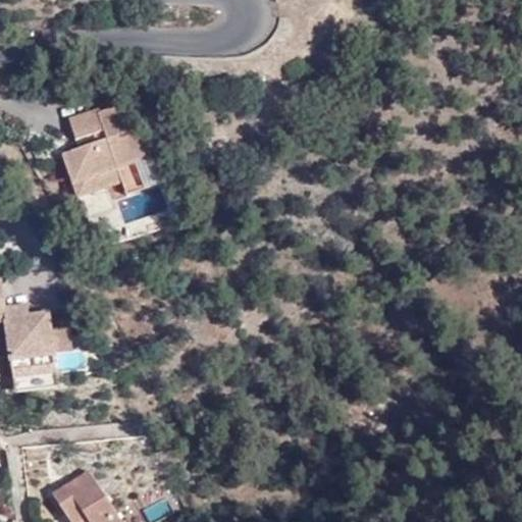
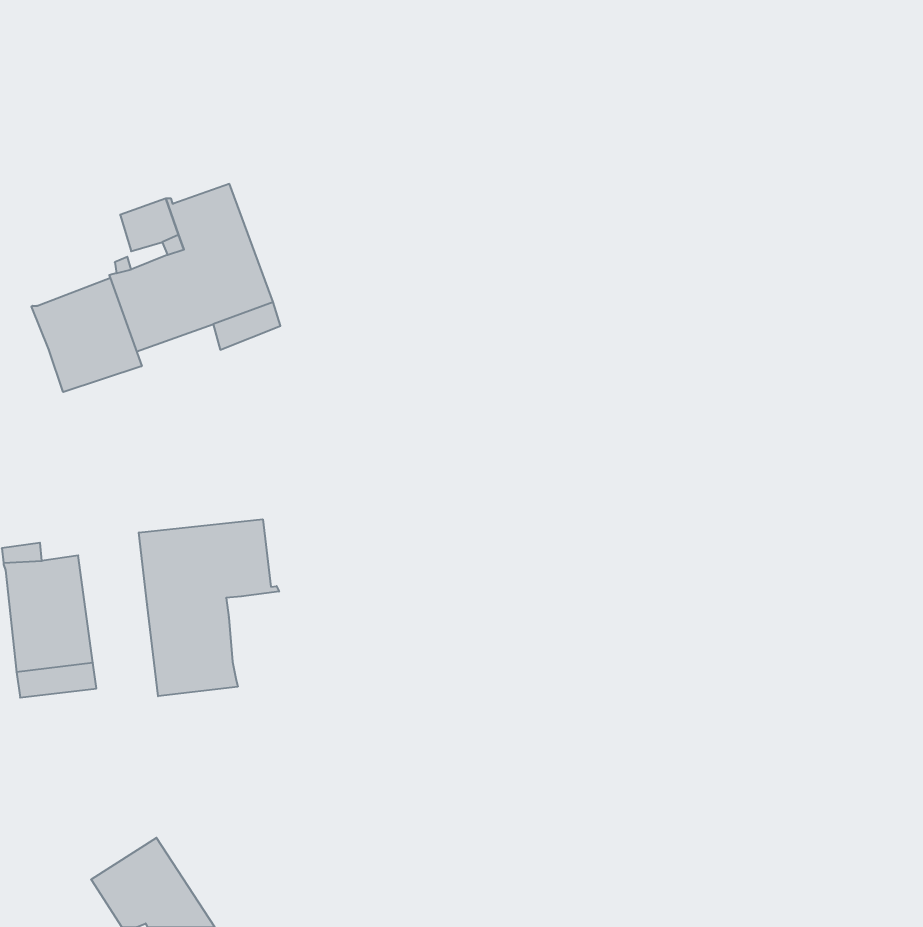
building: none -> [31,278,142,392]
building: none -> [139,519,279,696]

